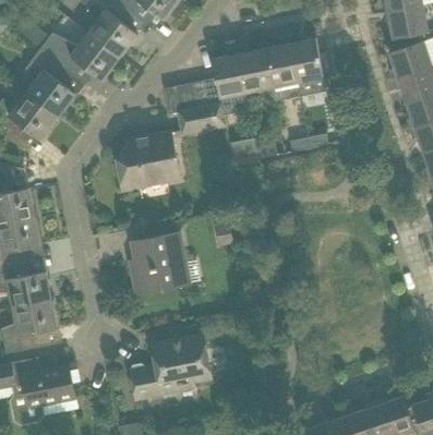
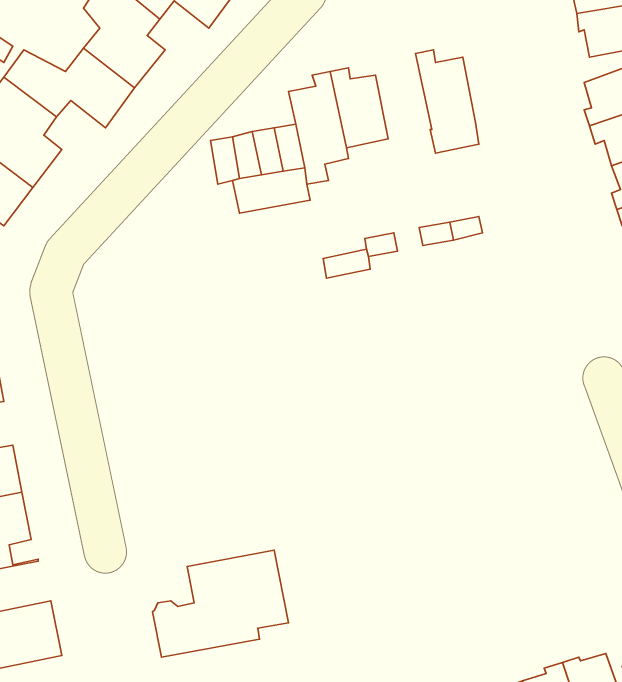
building: [264,36,300,101] -> none
building: [116,132,181,190] -> none
building: [132,232,191,294] -> none

